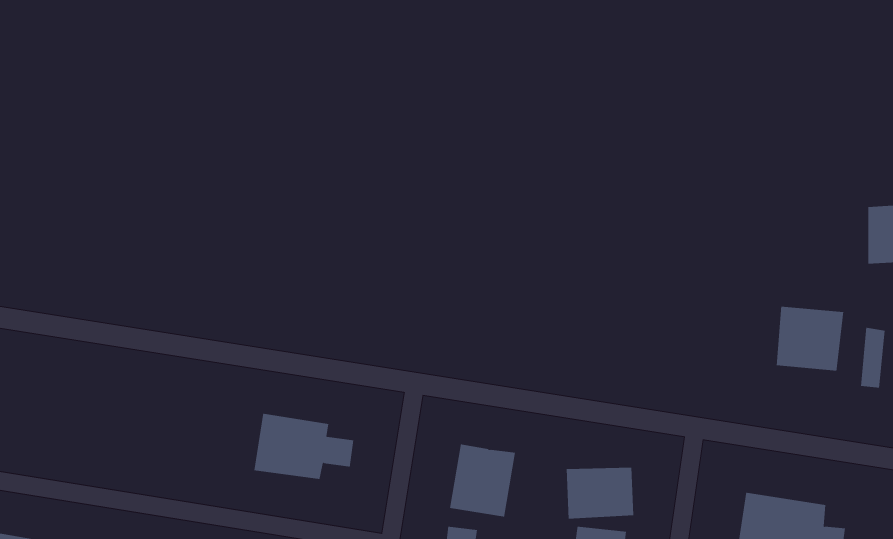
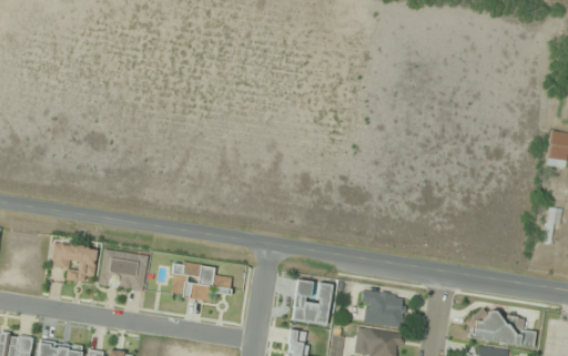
building: [776,306,844,371] -> none
building: none -> [50,242,97,283]
building: none -> [99,250,149,289]

